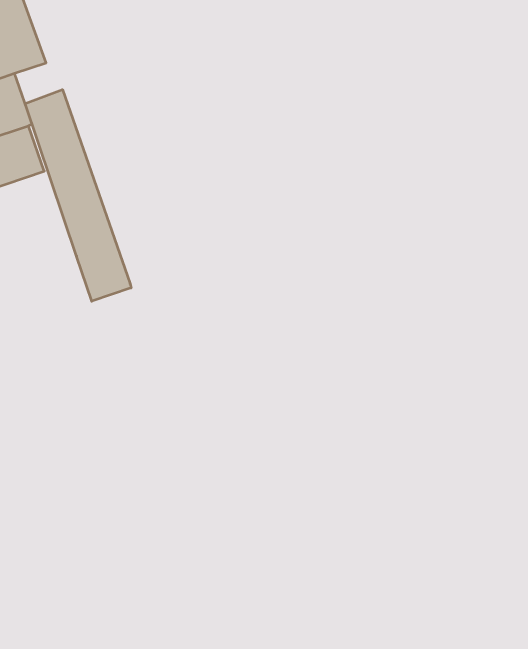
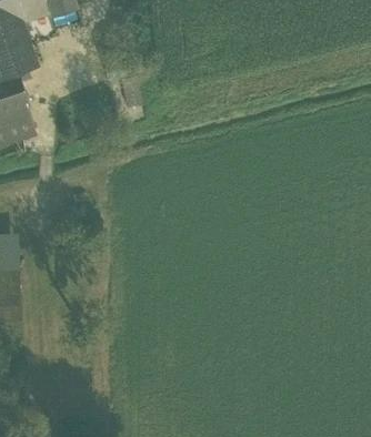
building: [25,90,131,301] -> none

